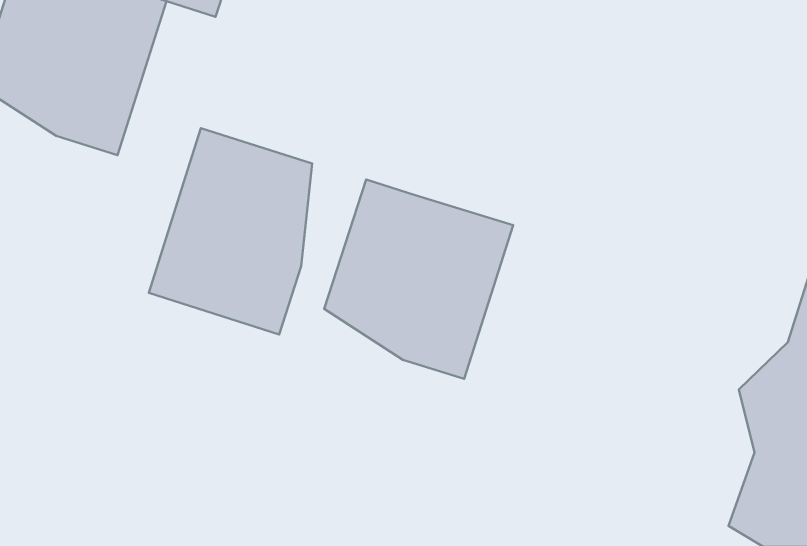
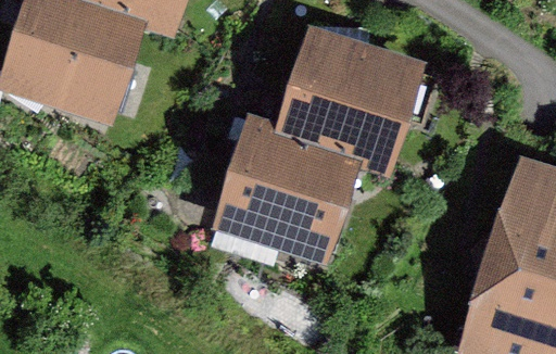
building: none -> [285,53,407,163]
building: [149,128,312,335] -> none

